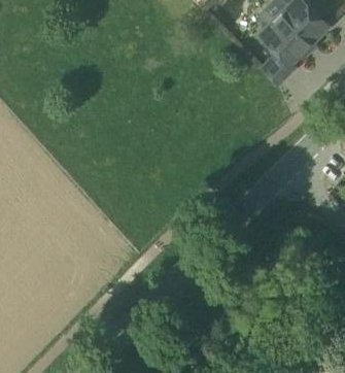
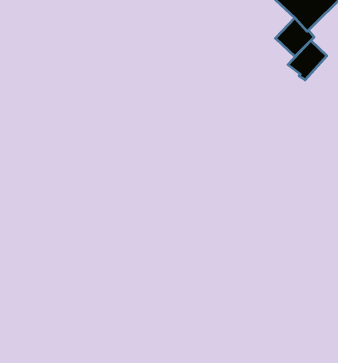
building: none -> [288,41,327,80]

